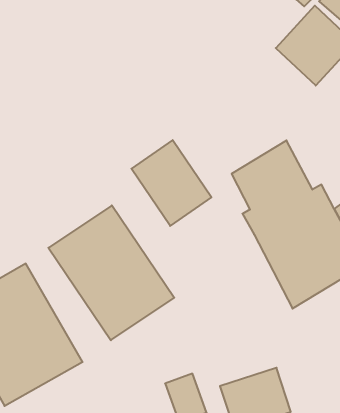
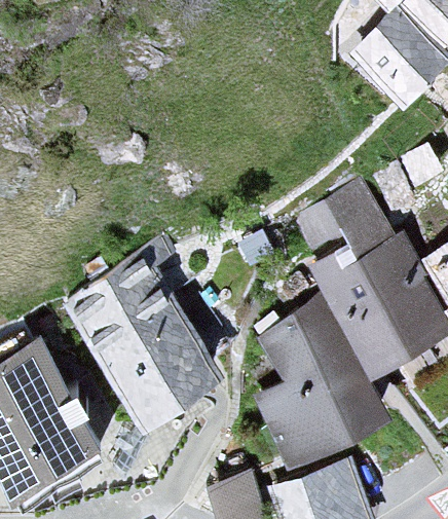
building: [131,140,211,226] -> none
building: none -> [251,294,390,475]

